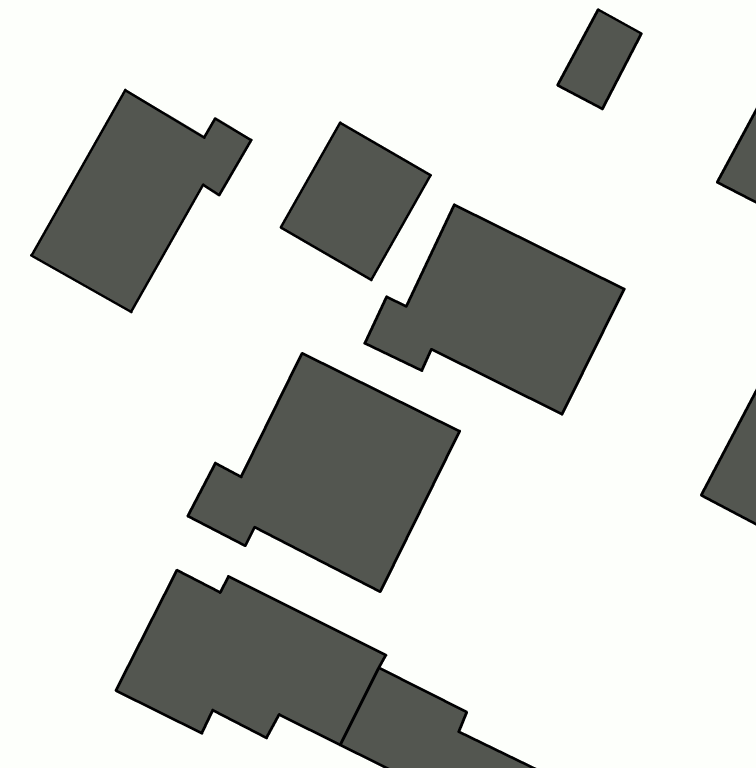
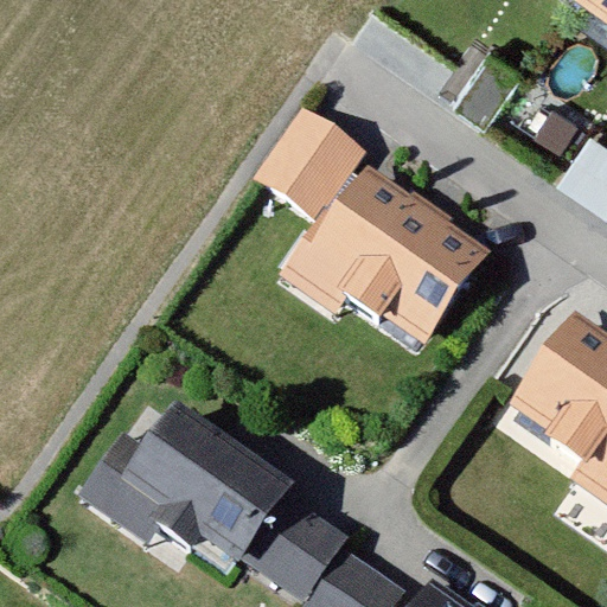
building: [31,90,251,312] -> none
building: [188,353,460,592] -> none

